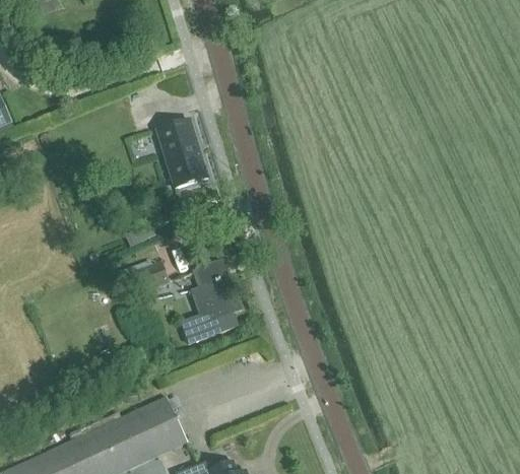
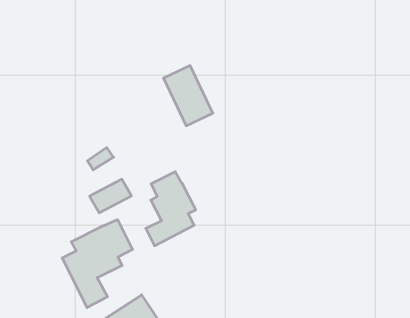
building: [156,119,207,187] -> [163,66,213,126]
building: none -> [62,220,133,308]

